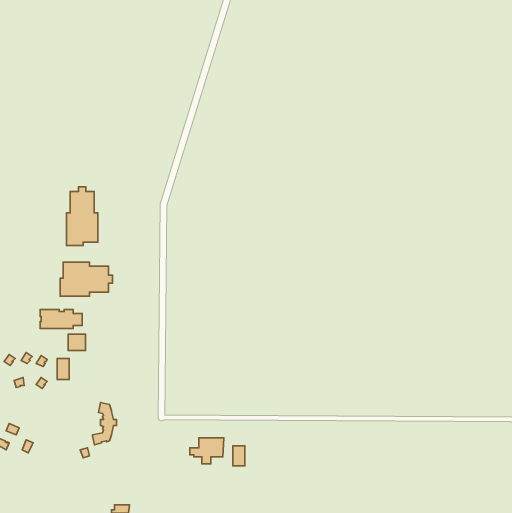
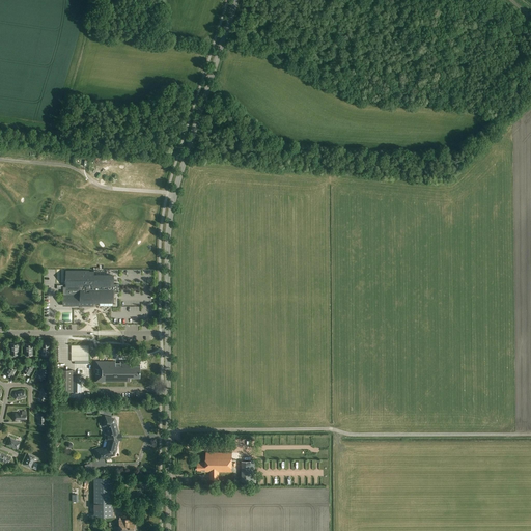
building: [67,187,98,245] -> none
building: [40,309,82,328] -> [94,361,138,381]
building: none -> [92,477,112,516]

